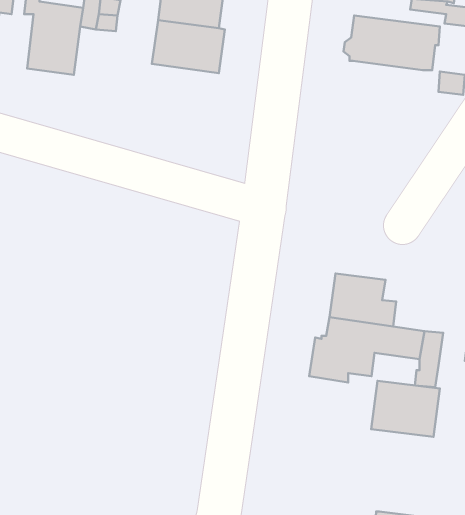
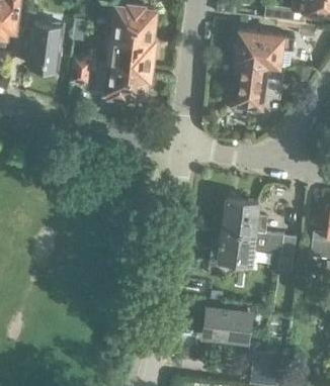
building: none -> [70,57,151,98]
building: none -> [233,60,283,113]
building: [371,381,440,437] -> [203,308,248,345]

